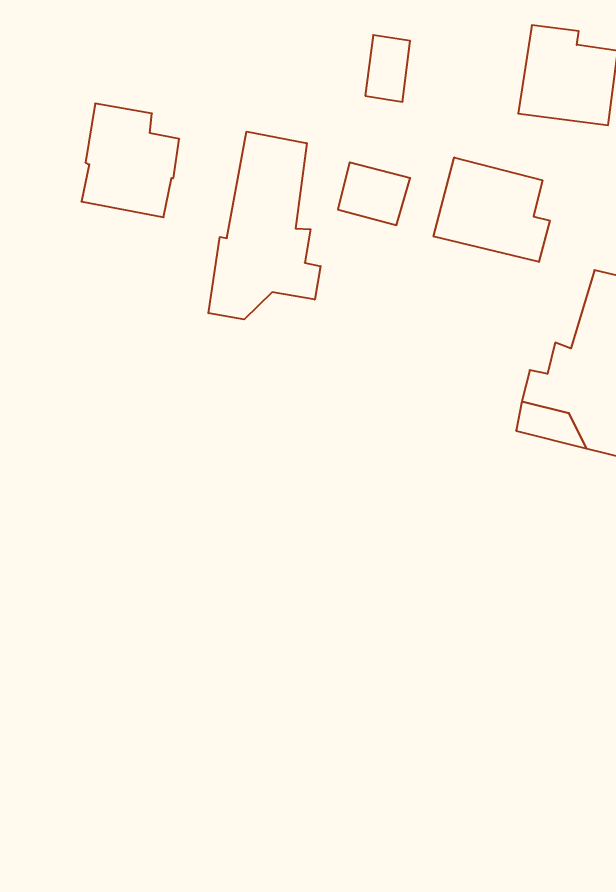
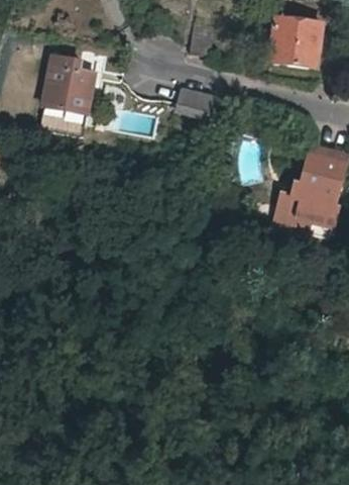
building: [208,132,321,319] -> none
building: [434,157,550,262] -> none

